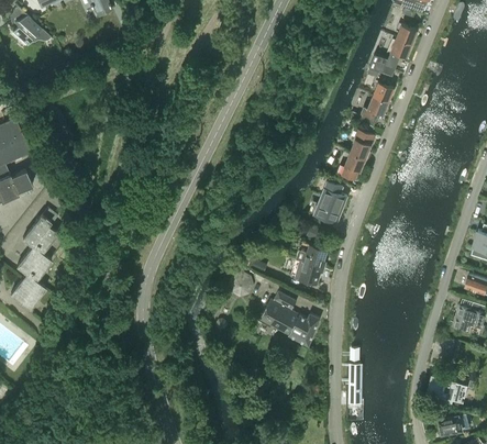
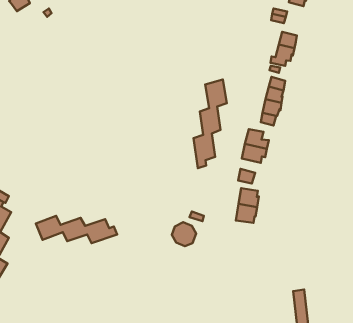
building: none -> [193,79,227,168]
building: none -> [36,216,117,243]
building: [259,292,320,346] -> none

